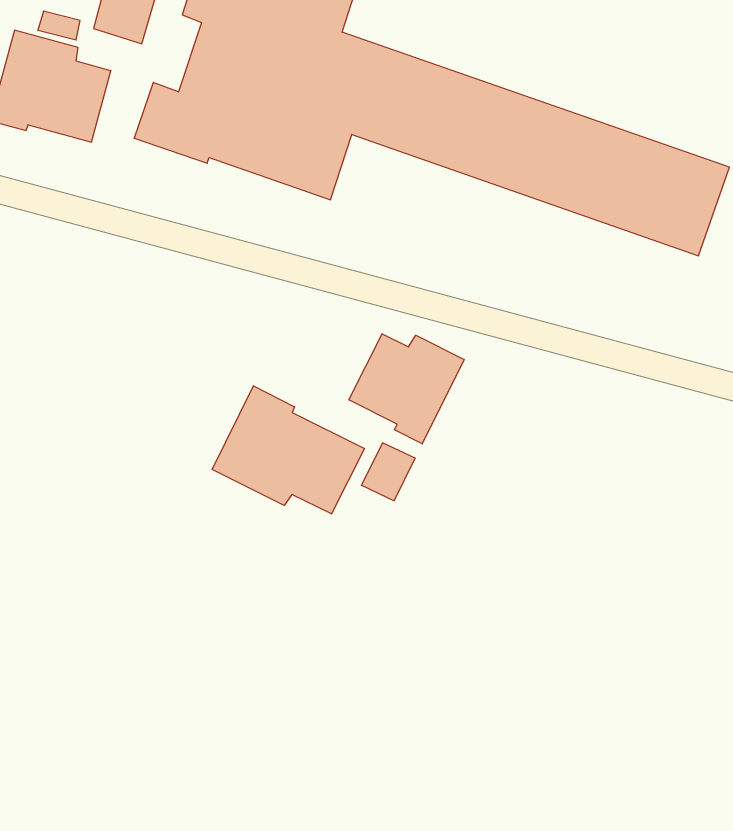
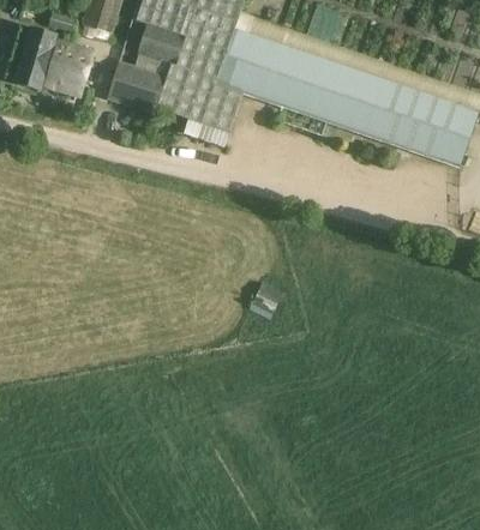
building: [349,334,464,444] -> none
building: [212,386,364,514] -> none

